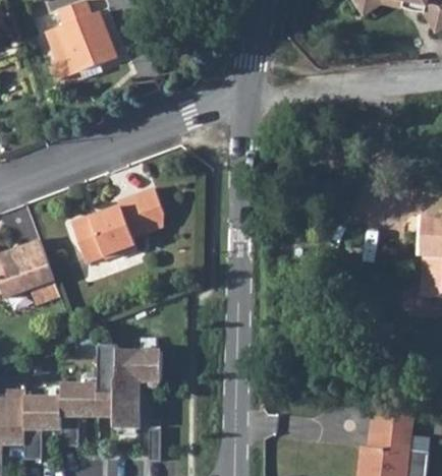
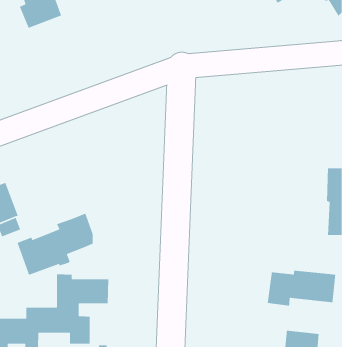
building: [66,38,114,74] -> none
building: [71,181,163,256] -> [17,213,93,276]
building: none -> [267,270,336,307]

